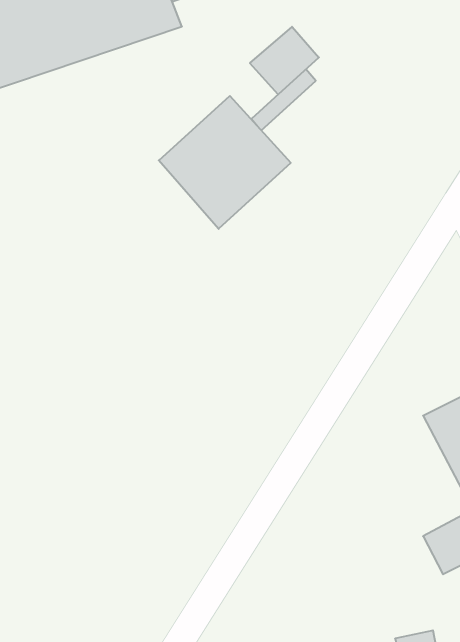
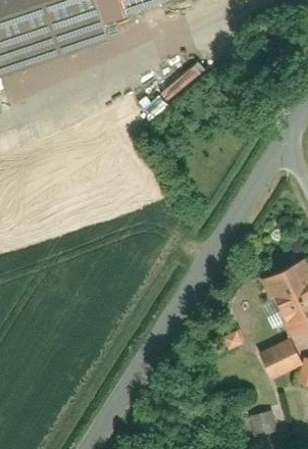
building: [250,27,319,94] -> none
building: [159,96,291,229] -> none

